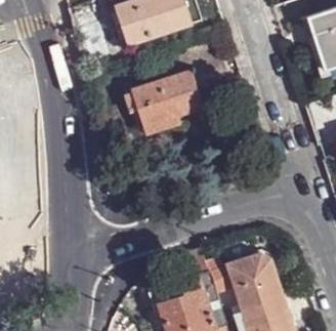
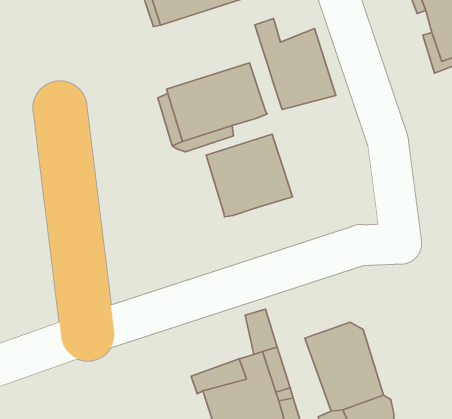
building: none -> [255,18,336,109]
building: none -> [206,134,292,217]

